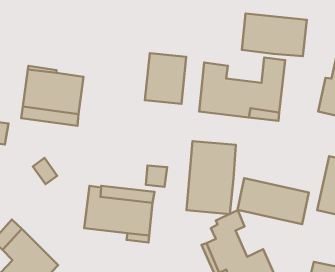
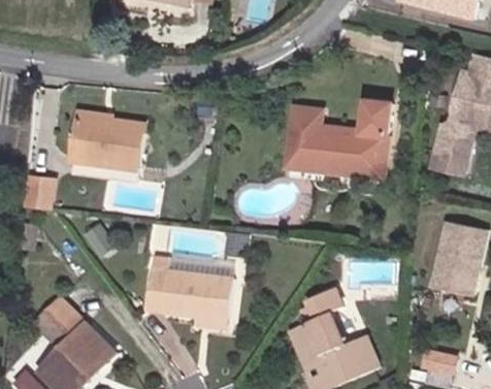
building: [242,14,307,56] -> none
building: [145,53,186,104] -> none
building: [187,141,236,214] -> none
building: [238,178,309,224] -> none

